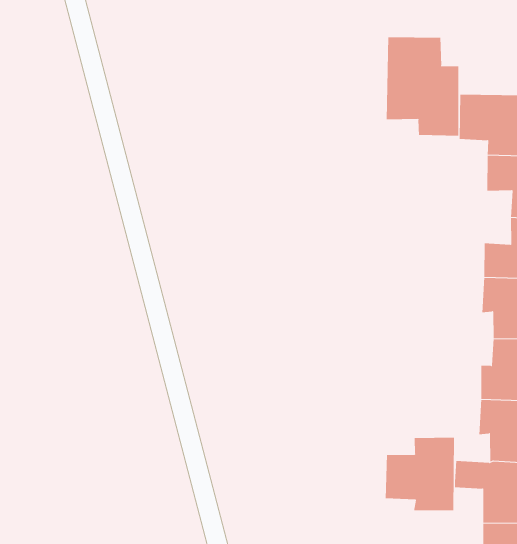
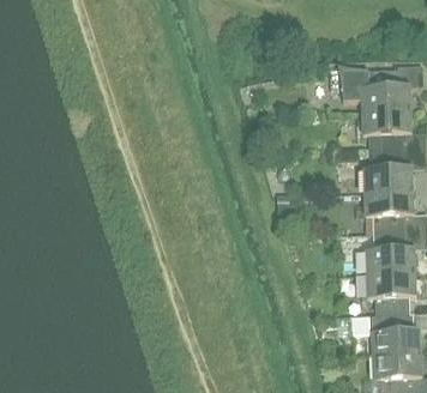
building: [386,36,459,137] -> none
building: [385,437,454,511] -> none

